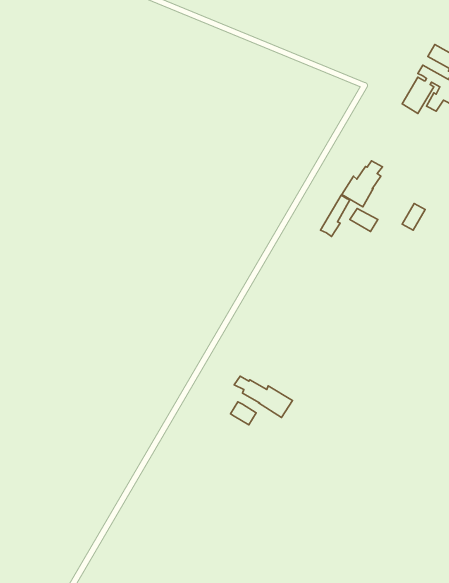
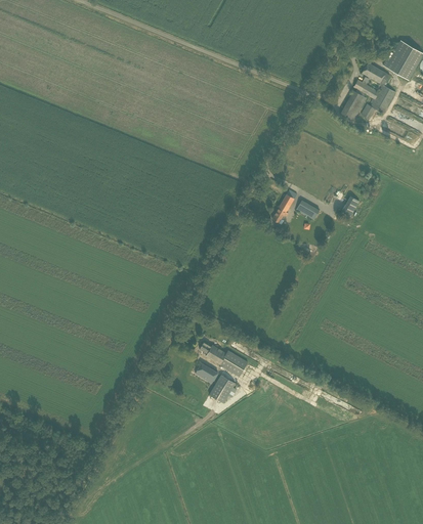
building: [342,161,382,207] -> none
building: none -> [209,375,236,403]

